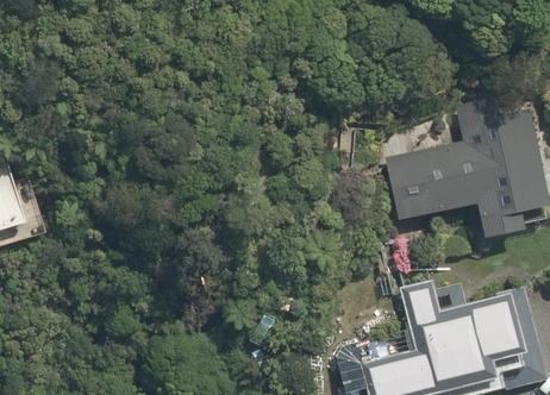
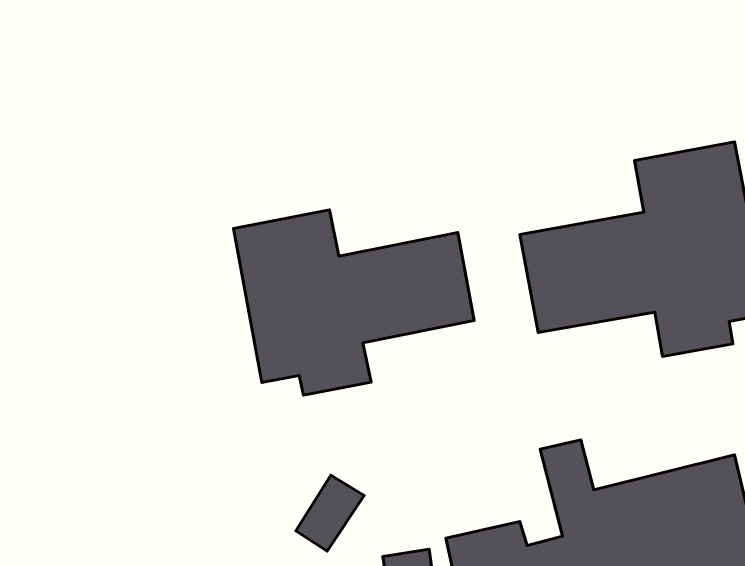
building: none -> [234,210,474,395]

